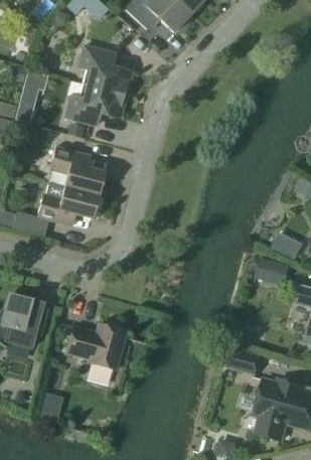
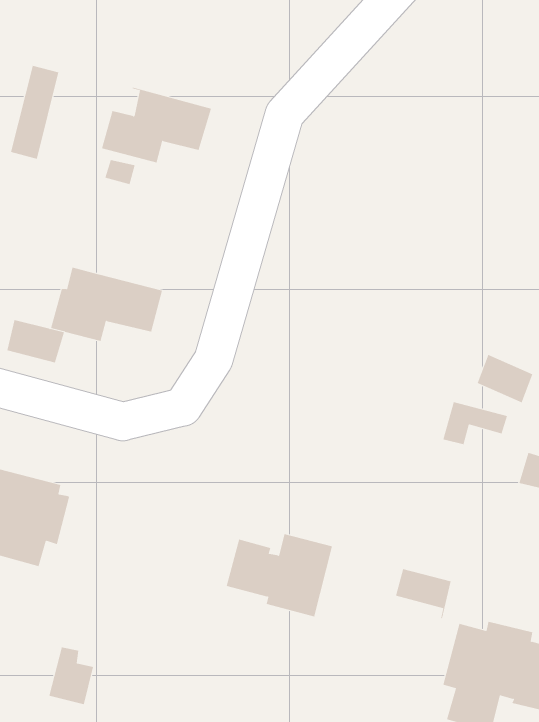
building: [77,45,132,95] -> none
building: [48,146,105,195] -> none
building: [65,323,125,369] -> [226,533,333,617]

